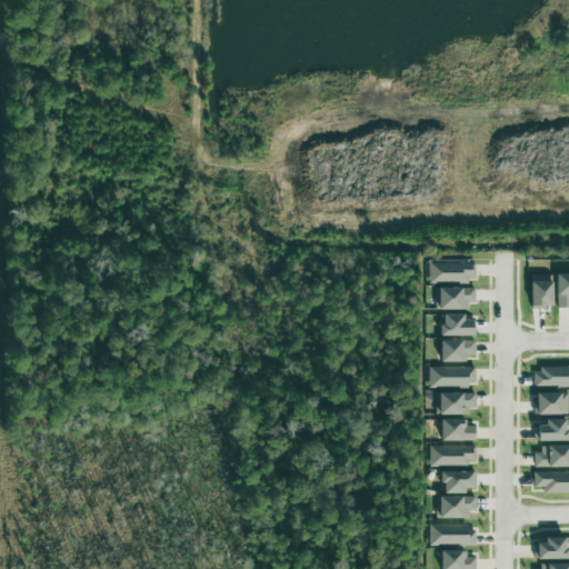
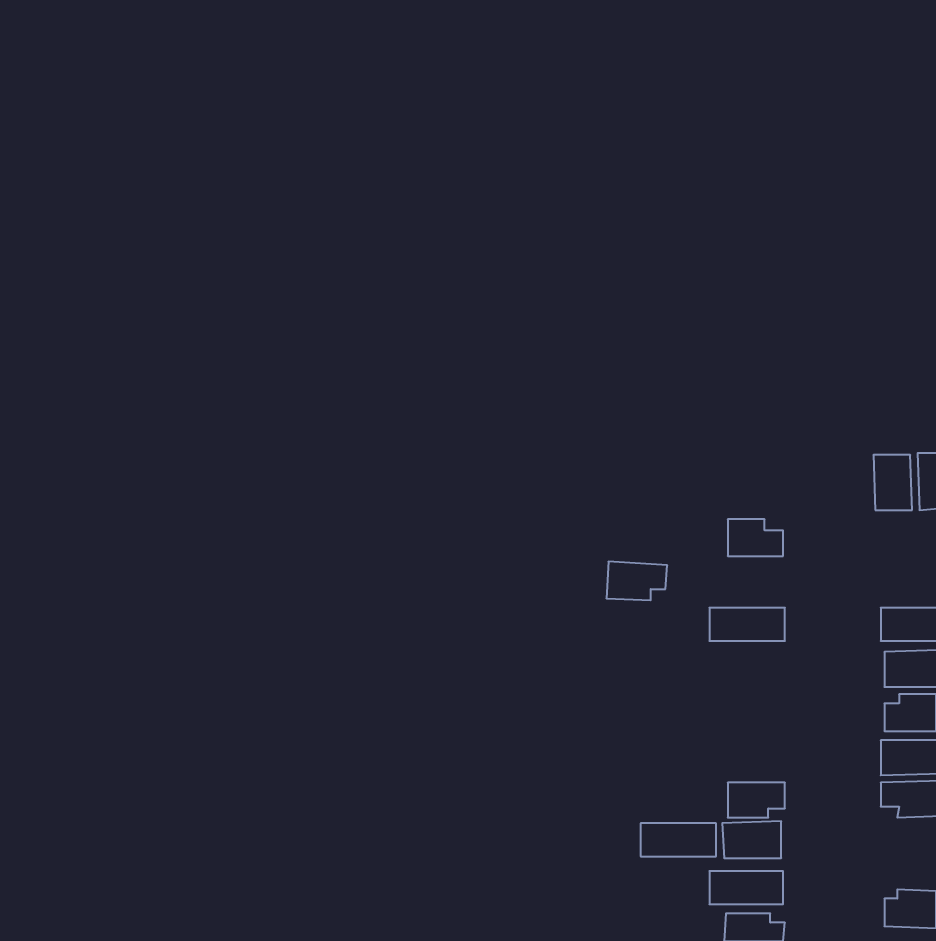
building: [430,262,477,282] -> none
building: [439,288,476,310] -> none
building: [440,339,477,362] -> [606,562,667,600]
building: [439,392,477,413] -> none
building: [441,419,476,441] -> none
building: [431,446,477,466] -> [641,823,716,856]

